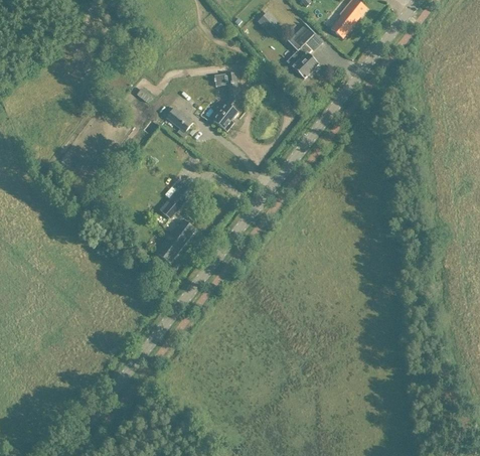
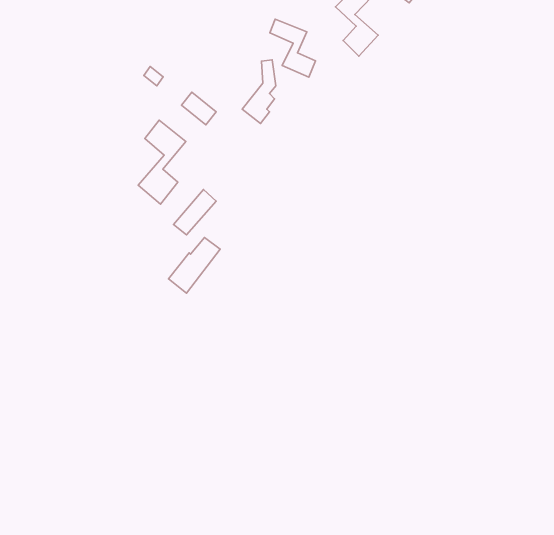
building: none -> [270,19,315,77]
building: none -> [138,120,186,204]

